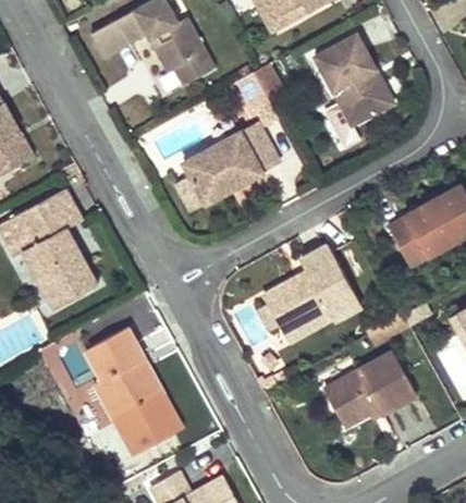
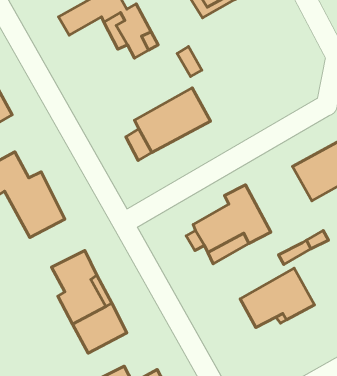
building: [316,36,395,127] -> none
building: [40,189,83,236] -> none

